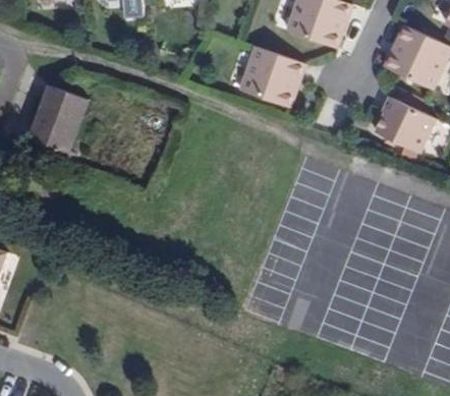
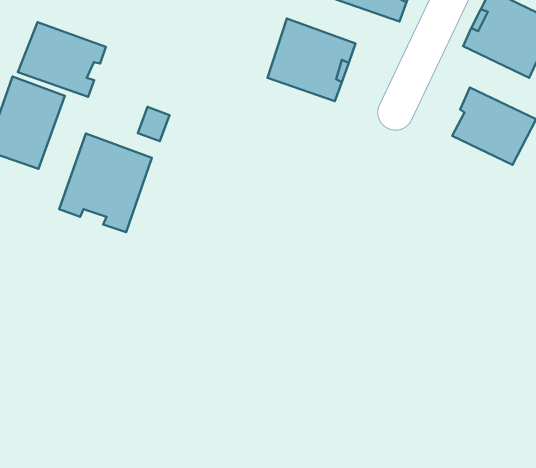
building: none -> [18,22,106,97]
building: none -> [59,134,152,232]

